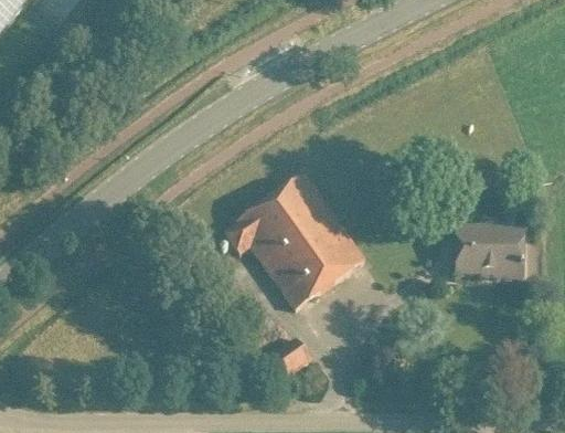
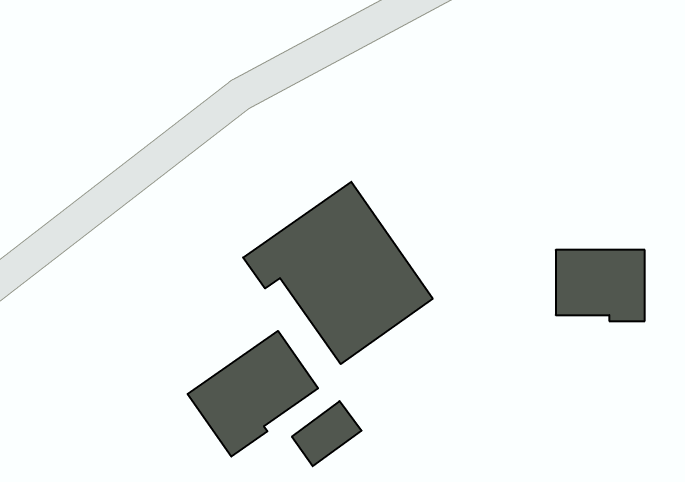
building: none -> [188,331,318,457]

